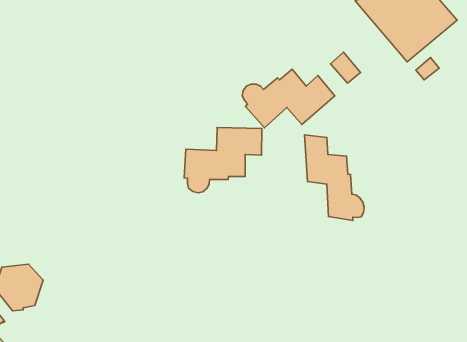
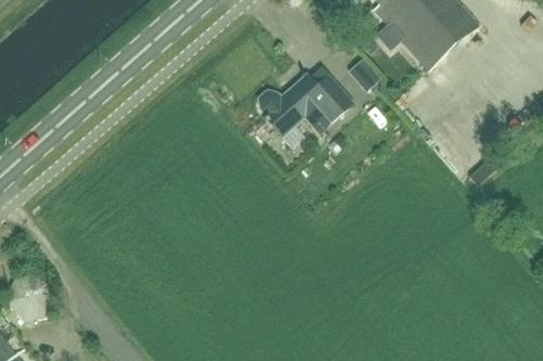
building: [184,128,262,193] -> none
building: [305,135,364,220] -> none

